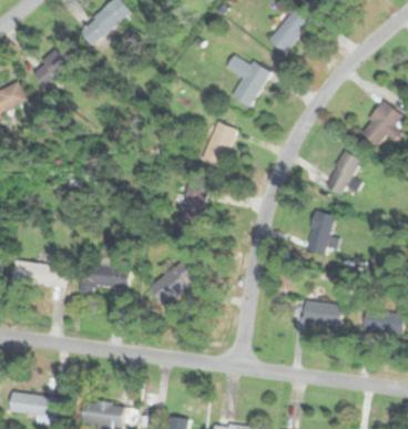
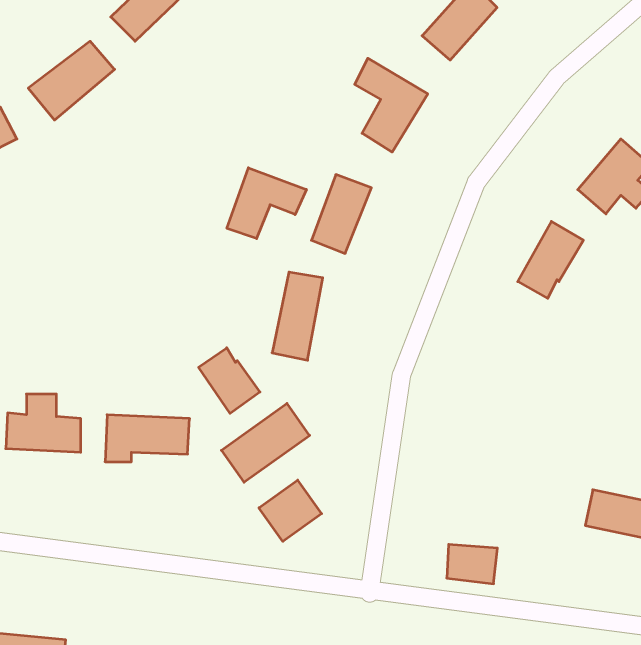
building: none -> [227,168,306,239]
building: [299,212,337,257] -> none
building: none -> [199,348,260,413]
building: [302,300,332,324] -> [447,544,497,584]
building: none -> [259,480,322,541]

